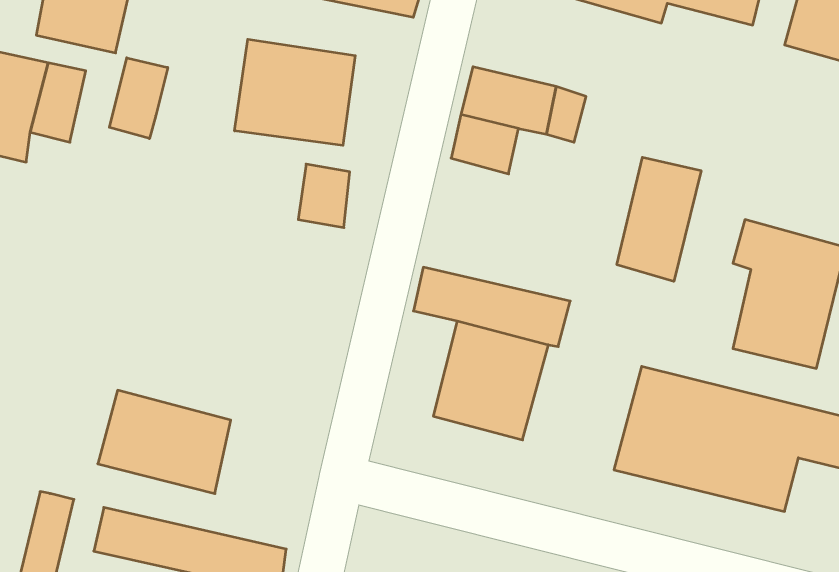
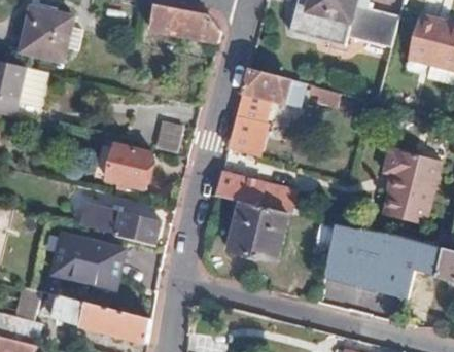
building: [235,39,355,145] -> none
building: [109,58,168,139] -> none
building: [617,157,701,281] -> none
building: none -> [226,115,266,156]
building: none -> [106,145,151,188]
building: none -> [78,206,158,243]

